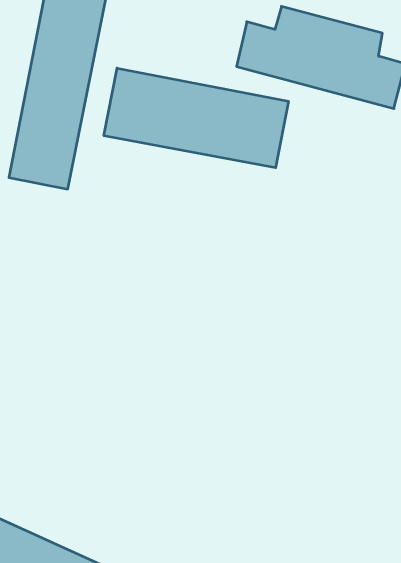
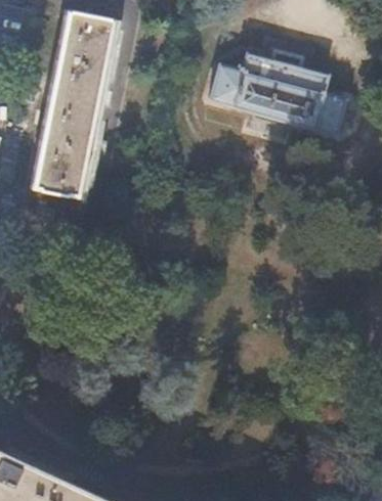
building: [104,68,288,168] -> none

